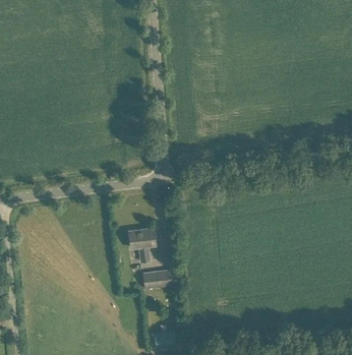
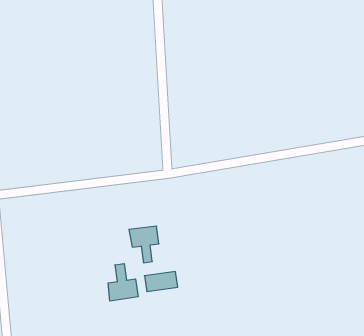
building: none -> [108,264,138,301]

